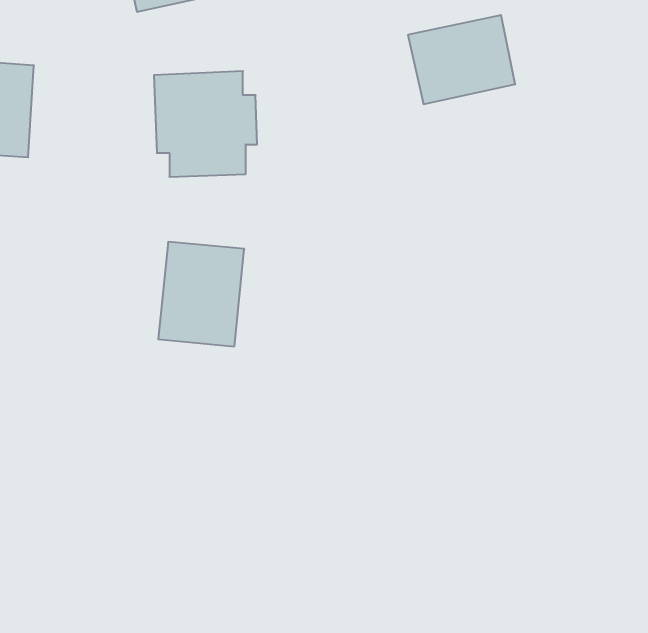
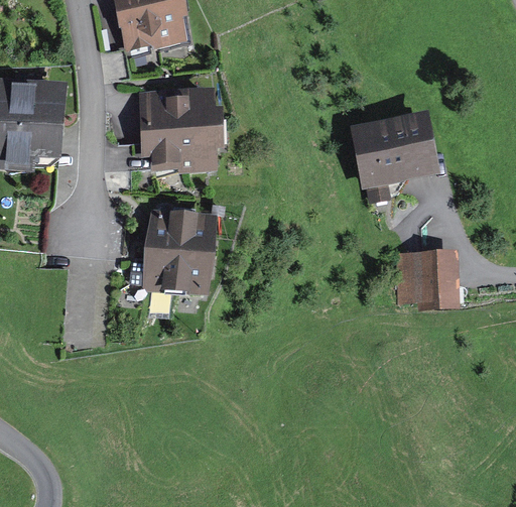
building: [408,15,515,104] -> [356,118,432,181]
building: none -> [399,254,456,304]

